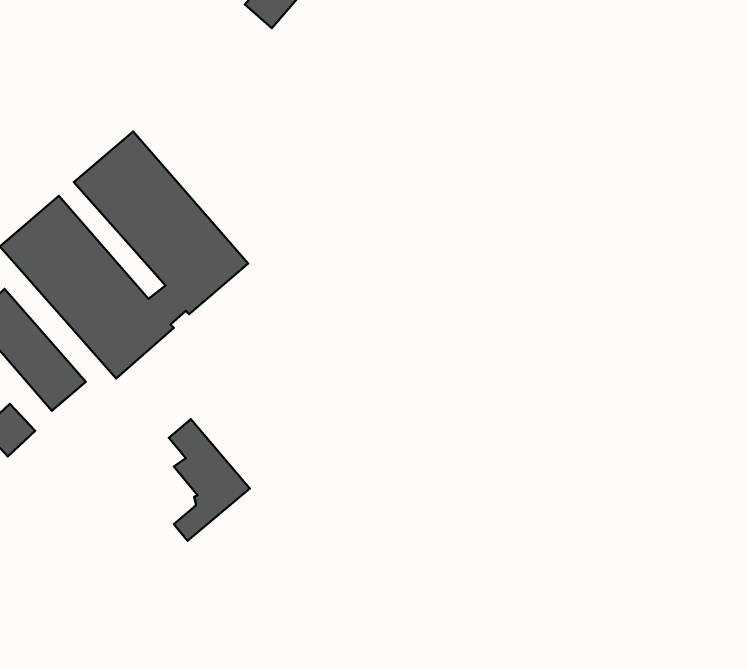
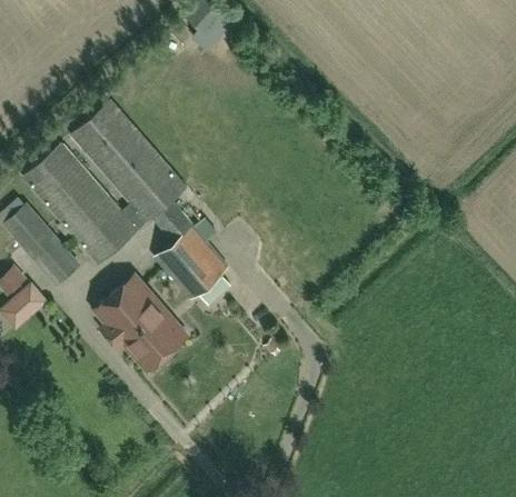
building: none -> [155,206,232,304]
building: none -> [95,274,152,358]

